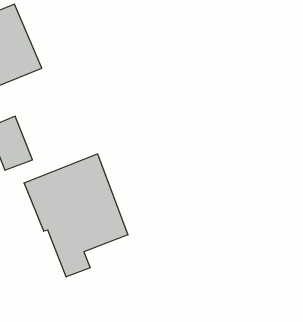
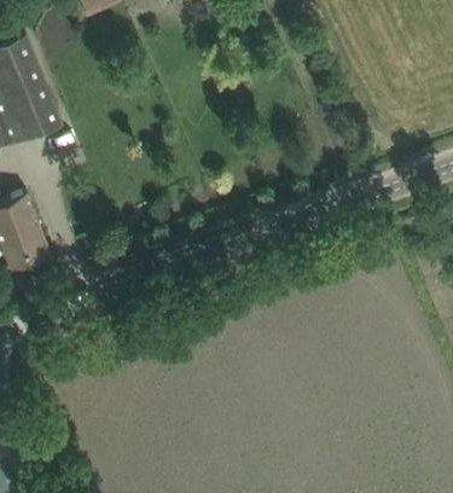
building: [24,154,128,277] -> none

